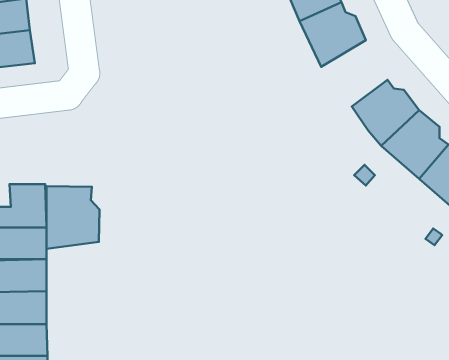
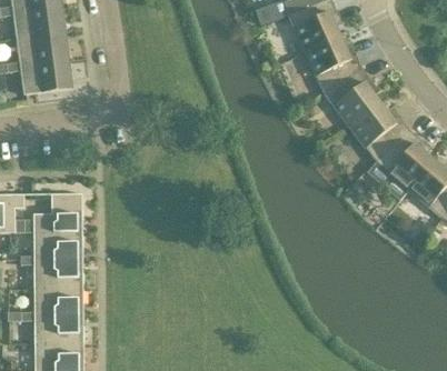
building: none -> [322,68,380,126]
building: [46,186,100,249] -> none

